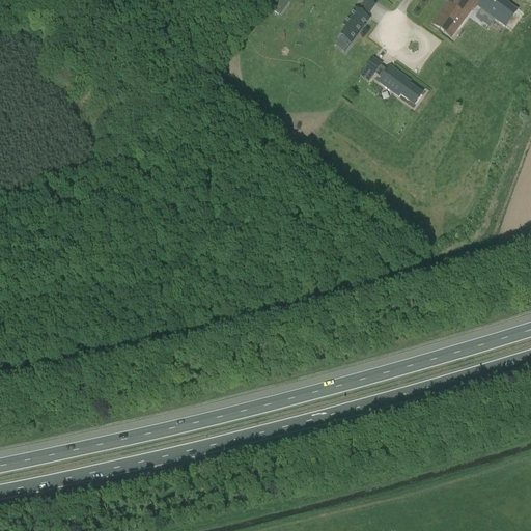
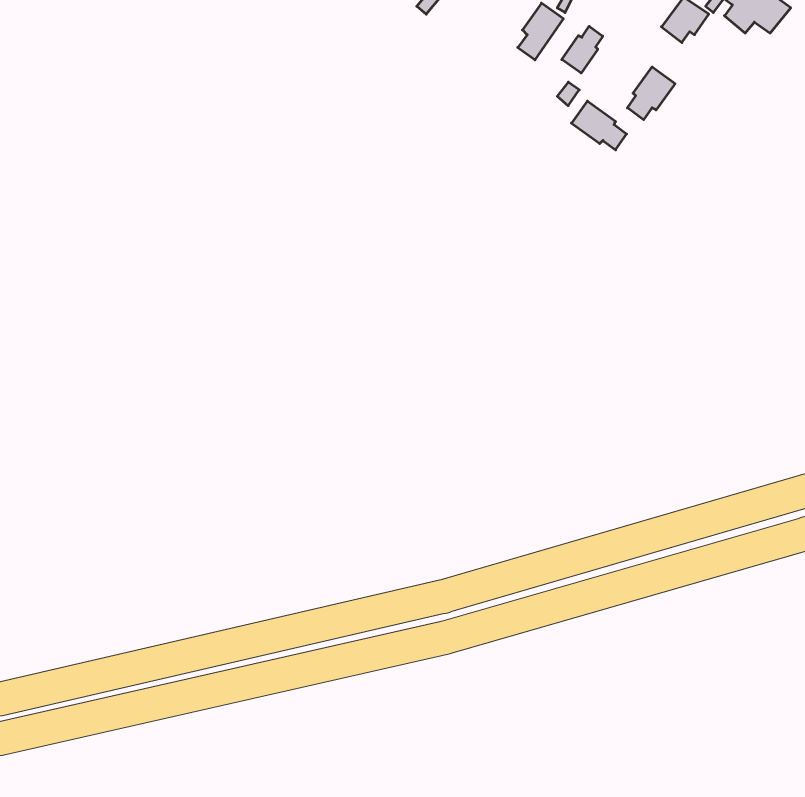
building: none -> [562,26,603,73]
building: none -> [627,67,675,120]

